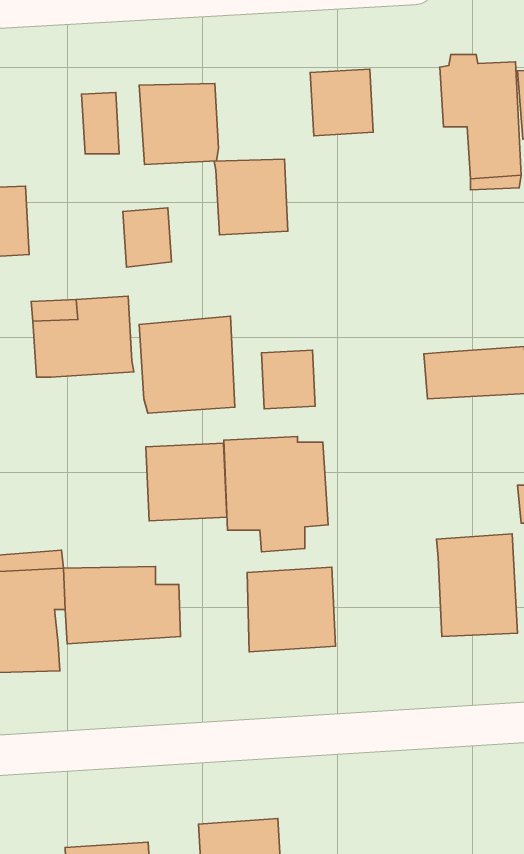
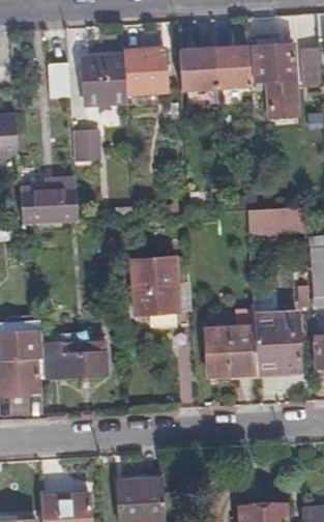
building: none -> [214,47,252,84]
building: [214,159,288,235] -> [124,50,167,93]
building: [139,316,235,413] -> none
building: [262,350,315,409] -> none
building: [146,443,227,521] -> none
building: [247,567,335,652] -> [205,328,256,377]

